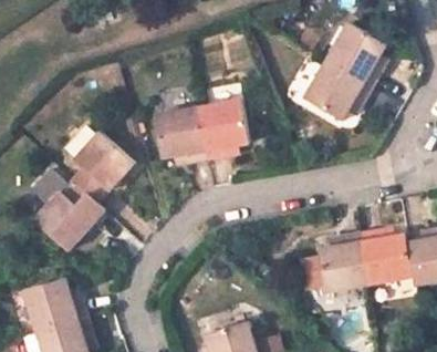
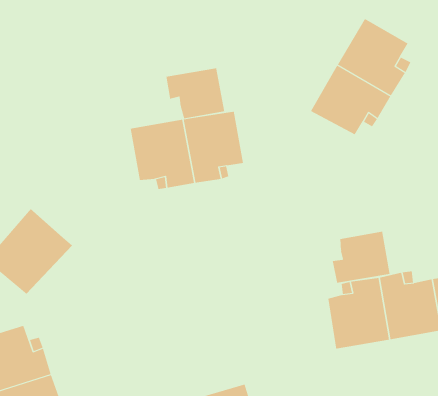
building: none -> [166,67,225,119]
building: [69,134,133,203] -> none
building: none -> [332,231,390,284]

